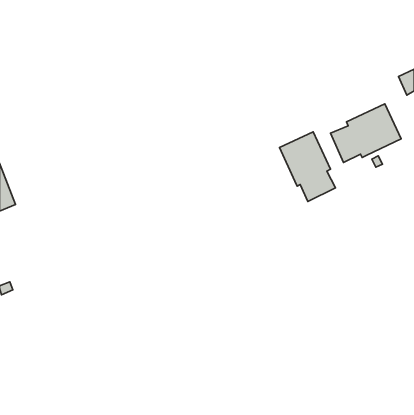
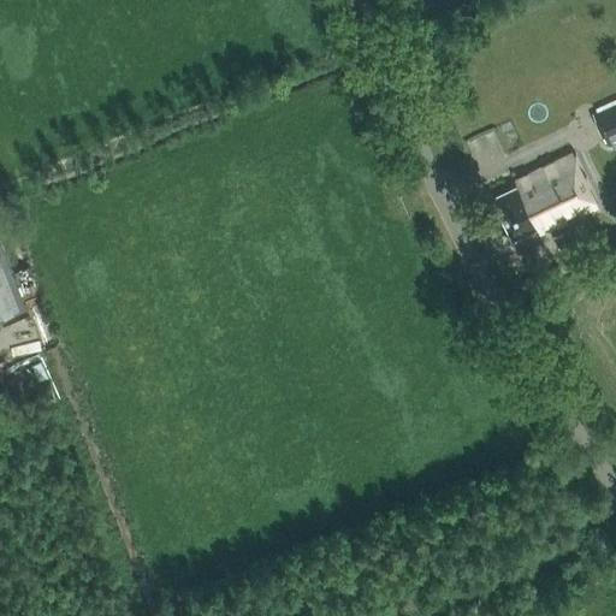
building: [279,132,336,201] -> none

